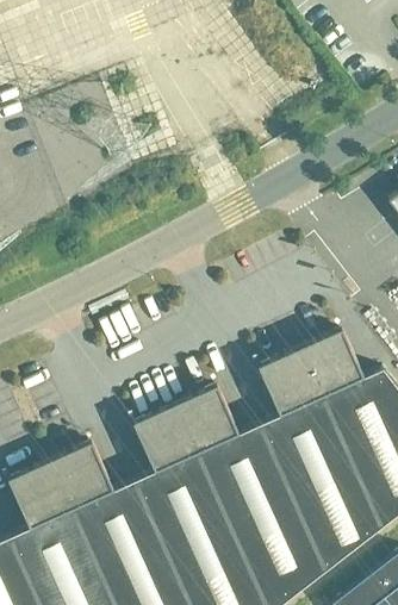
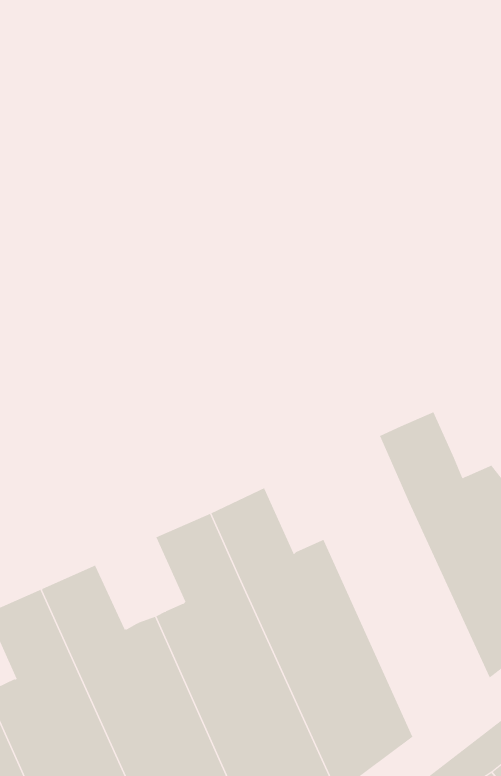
building: [260,348,381,570] -> none

